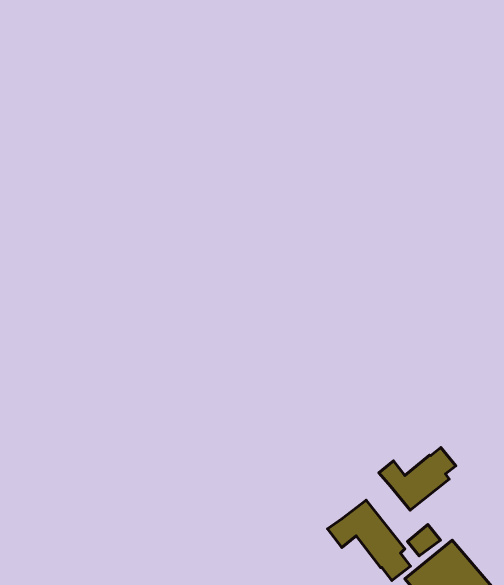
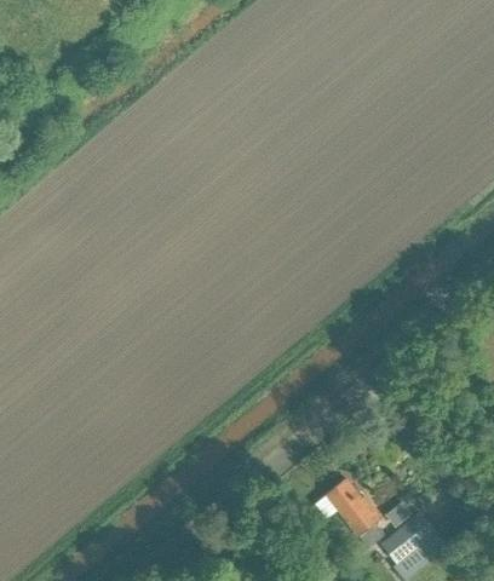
building: [379,447,456,510] -> none

